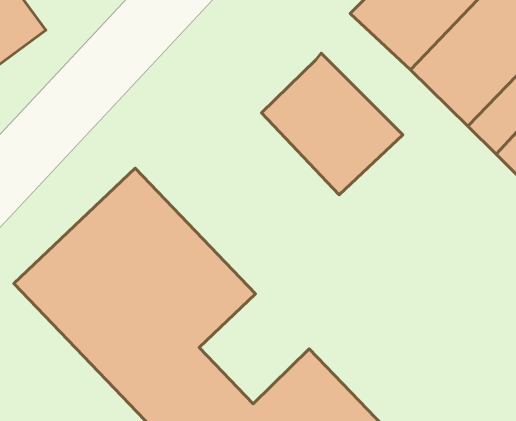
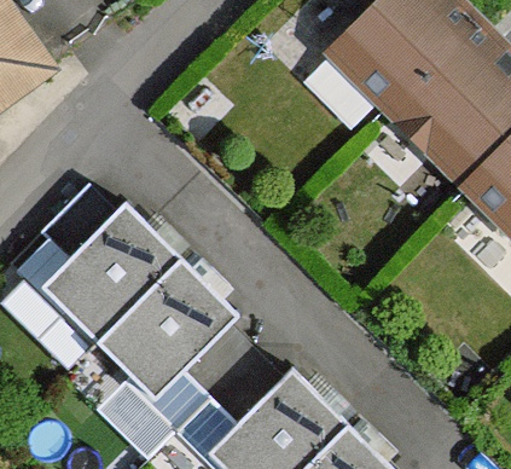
building: [261,53,403,195] -> none

